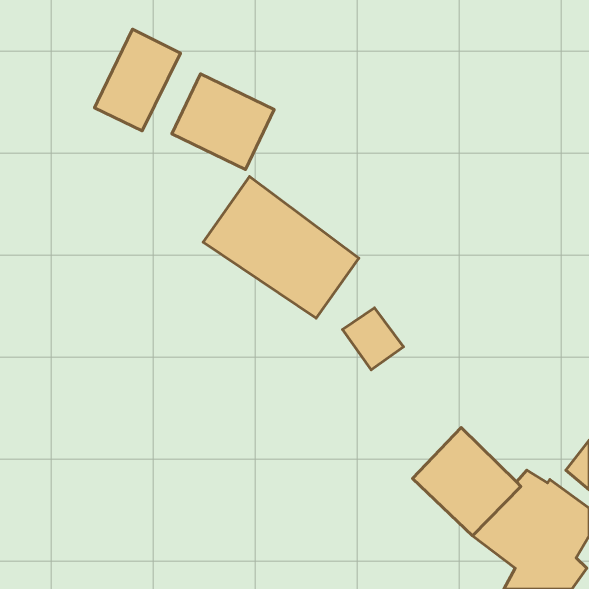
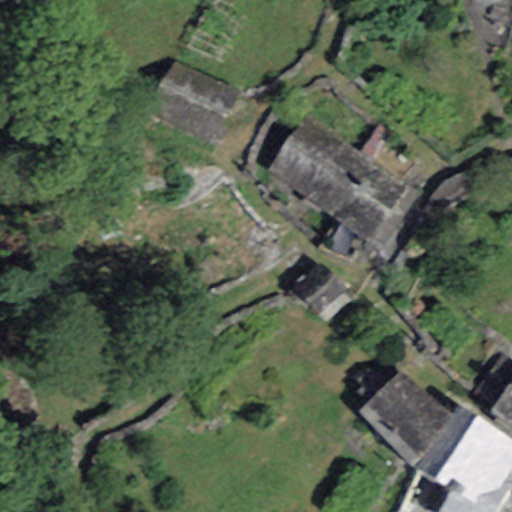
building: [95,29,180,131] -> none
building: [203,176,359,318] -> [270,115,405,238]

